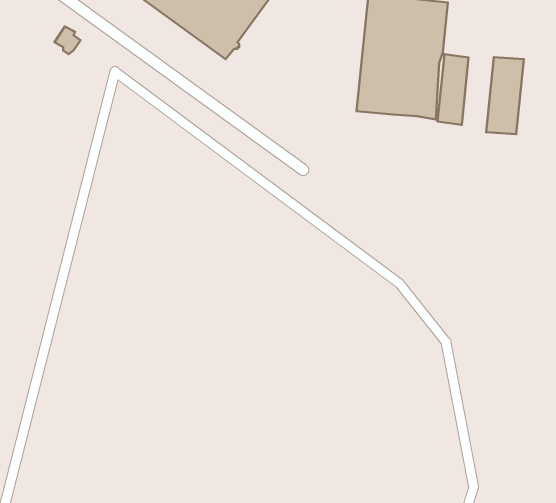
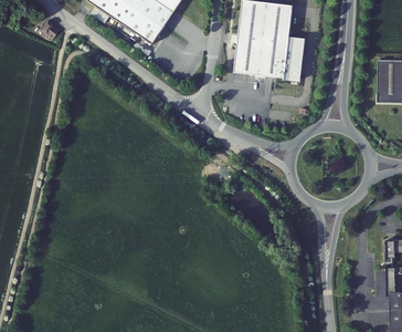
building: [486,57,524,134] -> none

